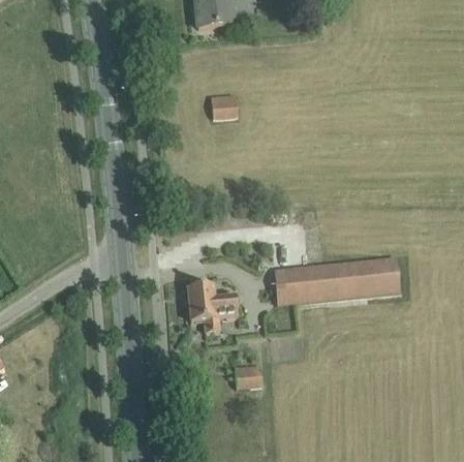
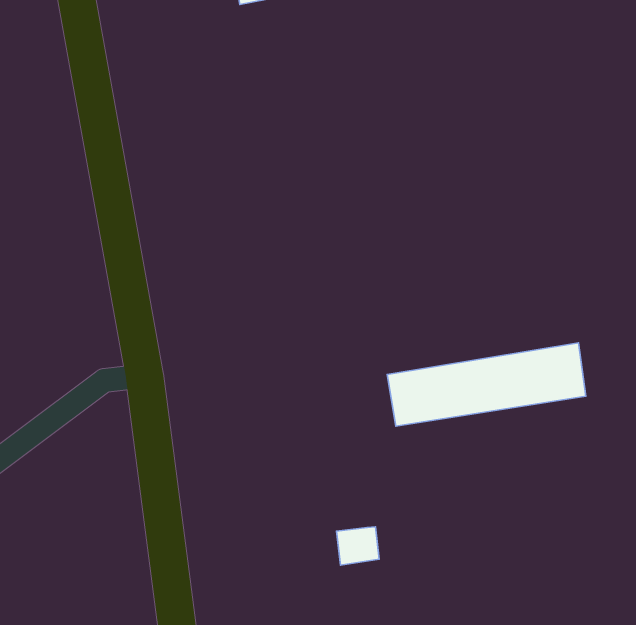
building: [210,95,237,118] -> none
building: [186,285,237,333] -> none

